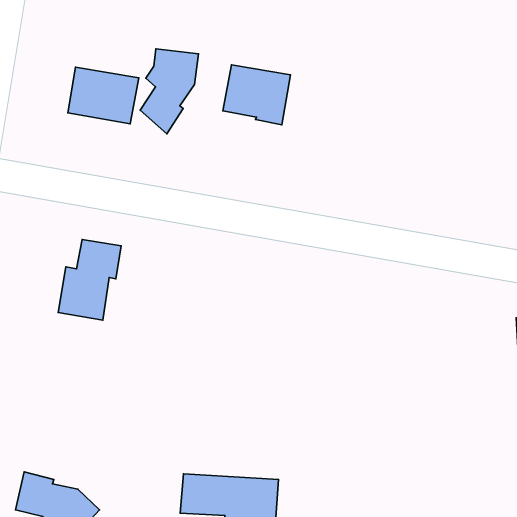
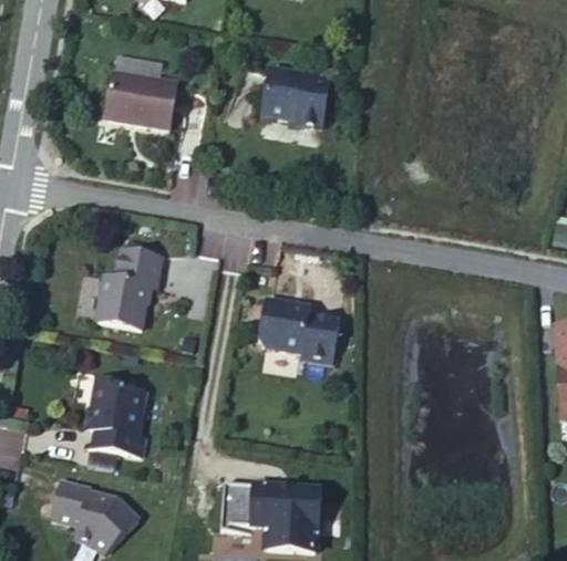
building: [140,49,199,134] -> none
building: none -> [258,298,340,362]
building: none -> [91,376,145,456]

